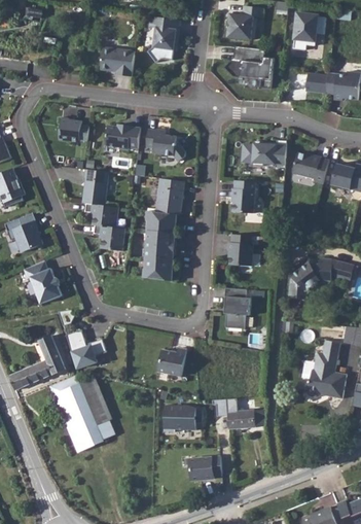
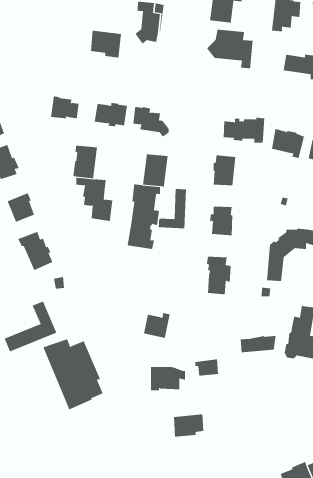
building: none -> [158,188,187,229]
building: [65,328,106,368] -> none
building: [226,410,265,428] -> [240,335,277,353]

